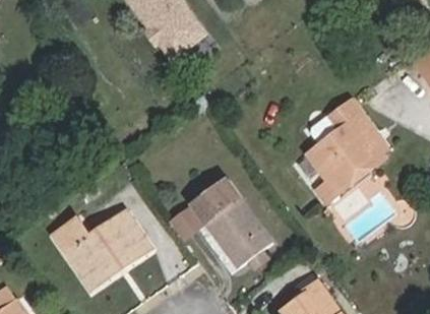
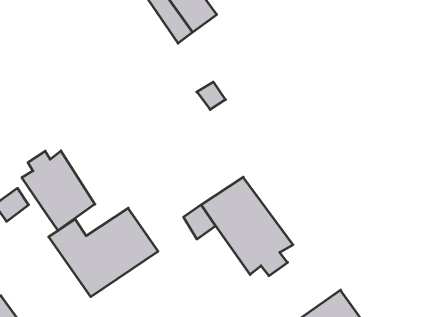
building: [305,93,392,197] -> none
building: none -> [22,151,95,231]

